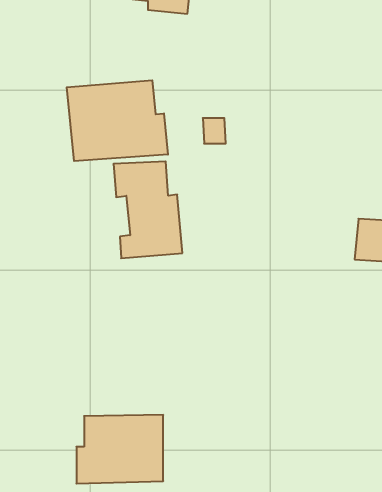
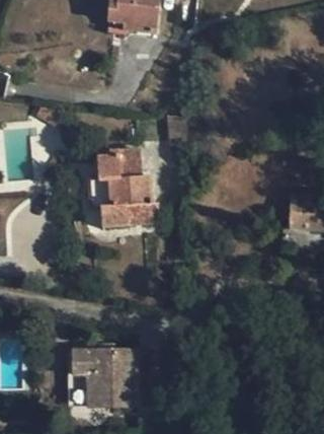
building: [67,80,168,161] -> none

